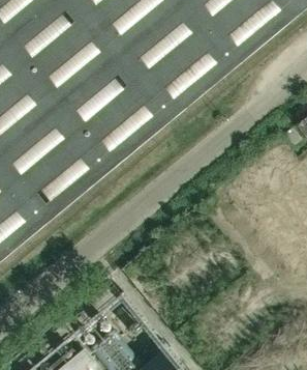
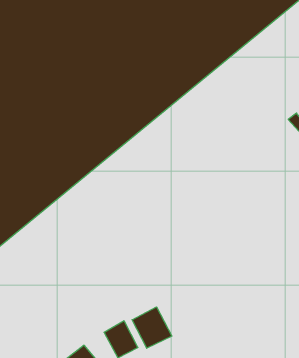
building: none -> [132,307,172,348]

